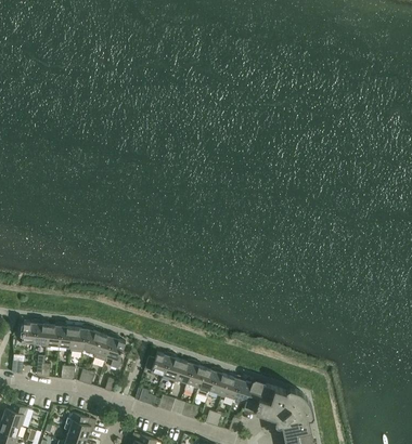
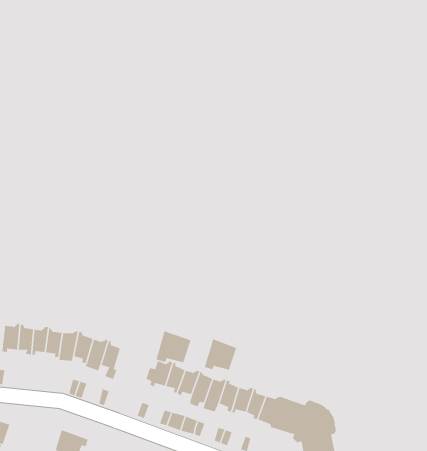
building: none -> [156,330,191,363]
building: none -> [204,339,237,371]

